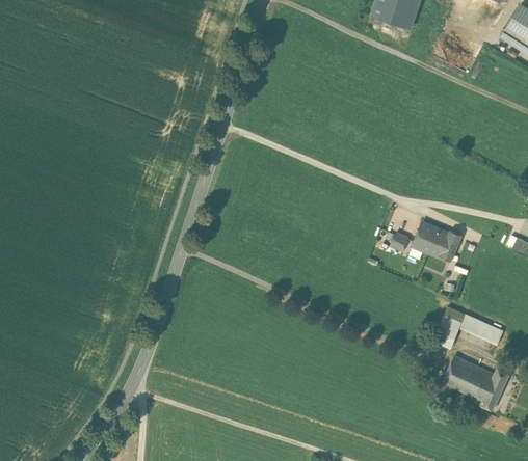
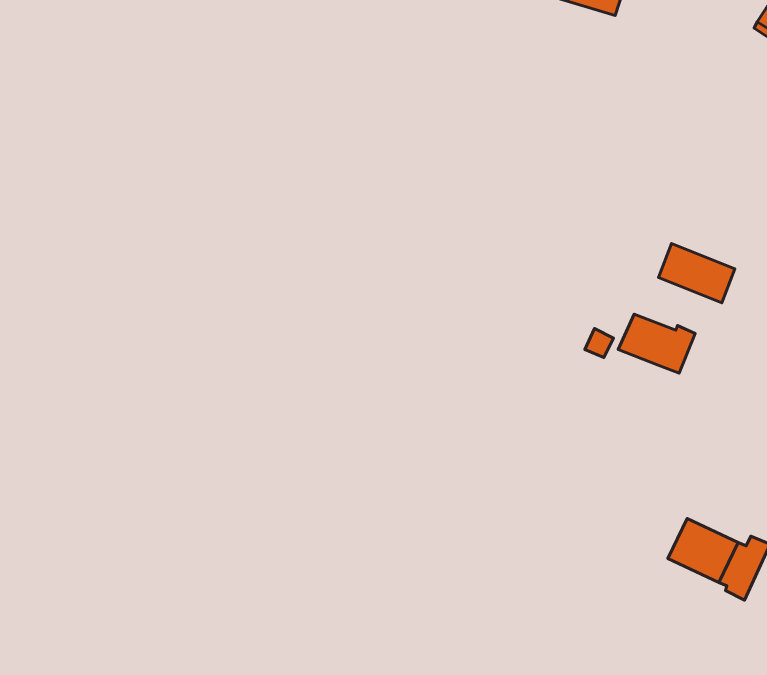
building: none -> [658,244,735,303]
building: [432,305,502,347] -> none

